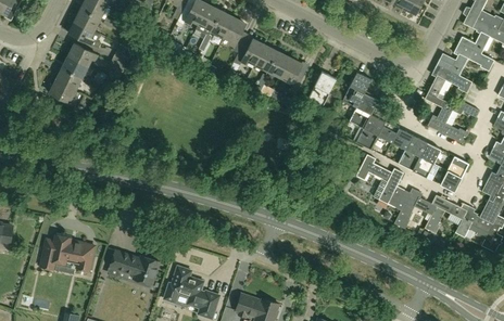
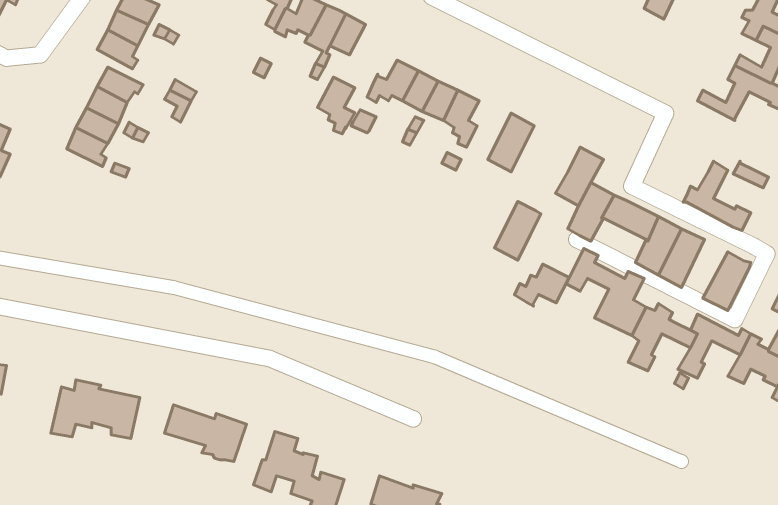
building: [223,17,245,52] -> [317,77,355,134]
building: [425,64,471,107] -> none
building: [342,72,370,107] -> [495,202,541,260]
building: none -> [515,264,569,306]

